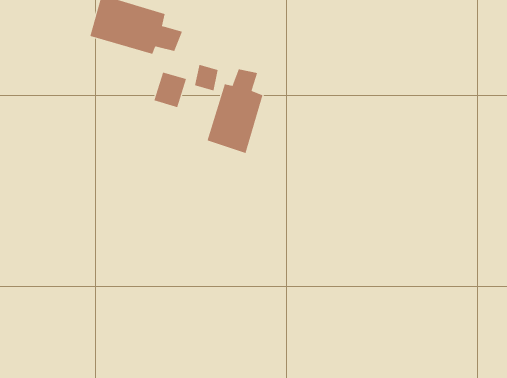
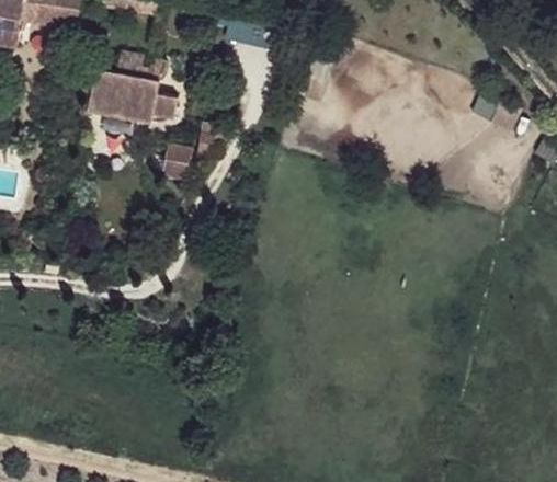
building: [207,68,263,154] -> none

